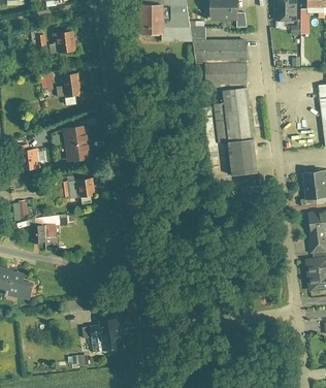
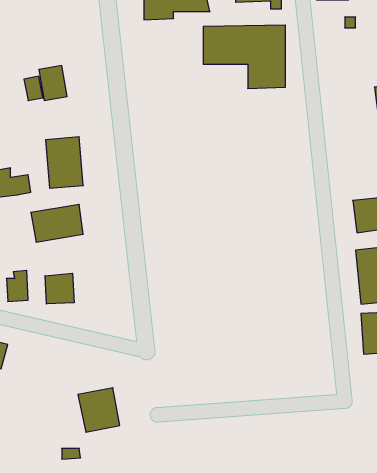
building: [53,30,74,53] -> none
building: [219,86,254,172] -> none
building: none -> [45,273,74,304]

